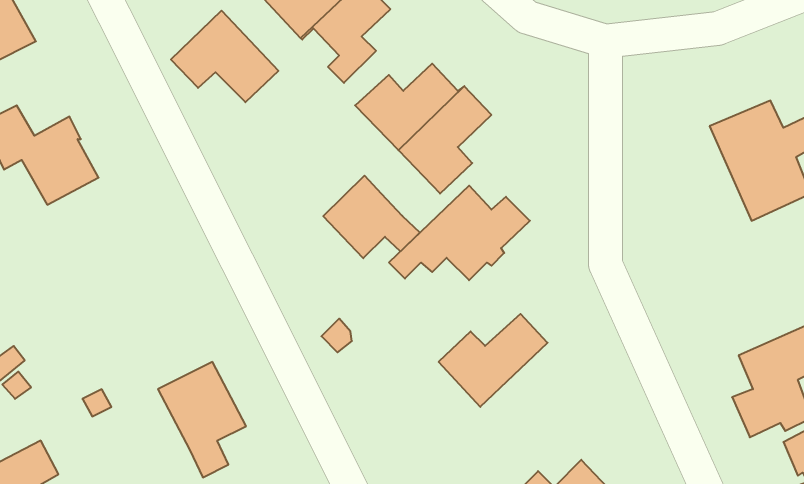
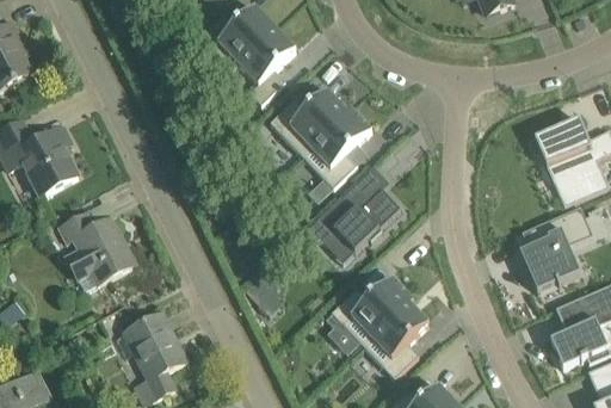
building: [171,11,278,102] -> none
building: [323,176,420,258] -> none
building: none -> [519,206,592,292]
building: none -> [58,211,131,290]
building: none -> [363,298,428,378]

